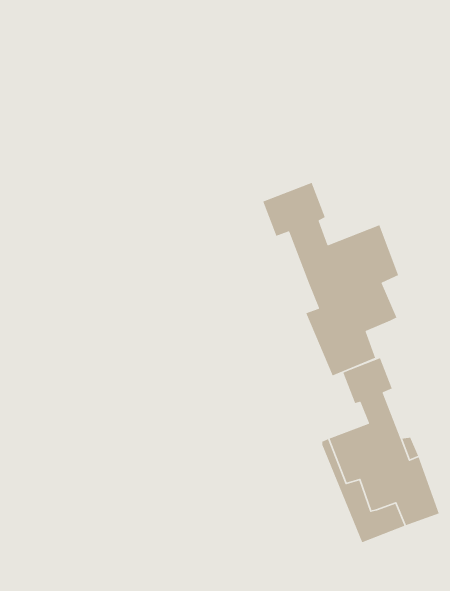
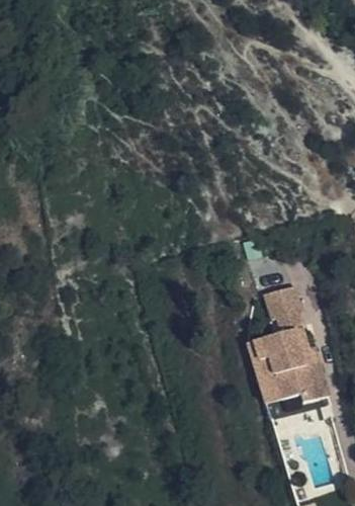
building: [262,182,399,376] -> none

